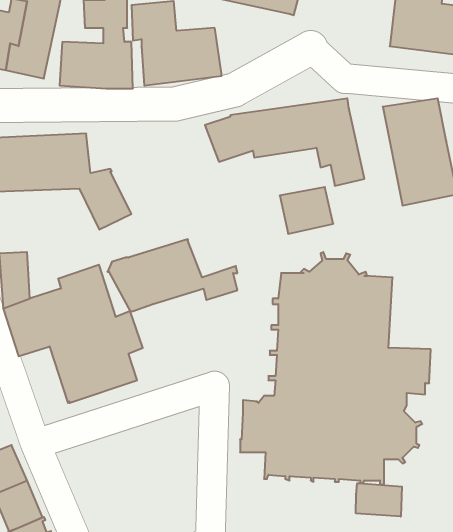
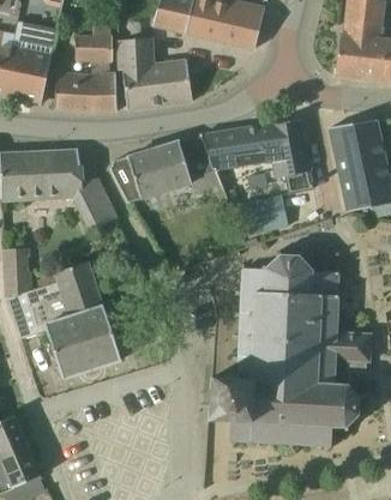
building: [107,239,237,311] -> [110,140,221,201]
building: [356,483,402,517] -> none

